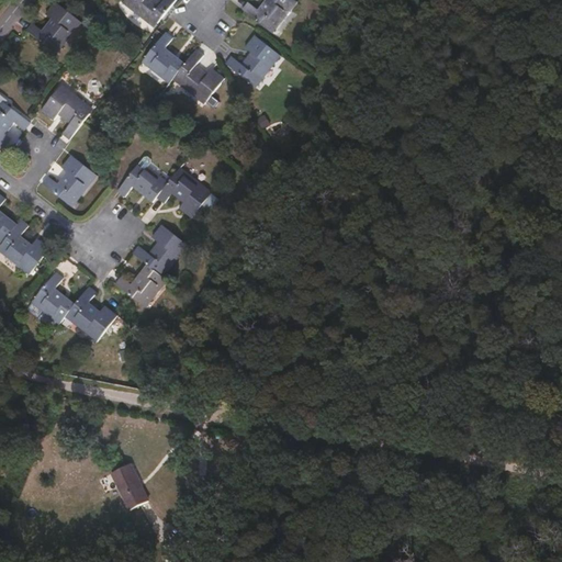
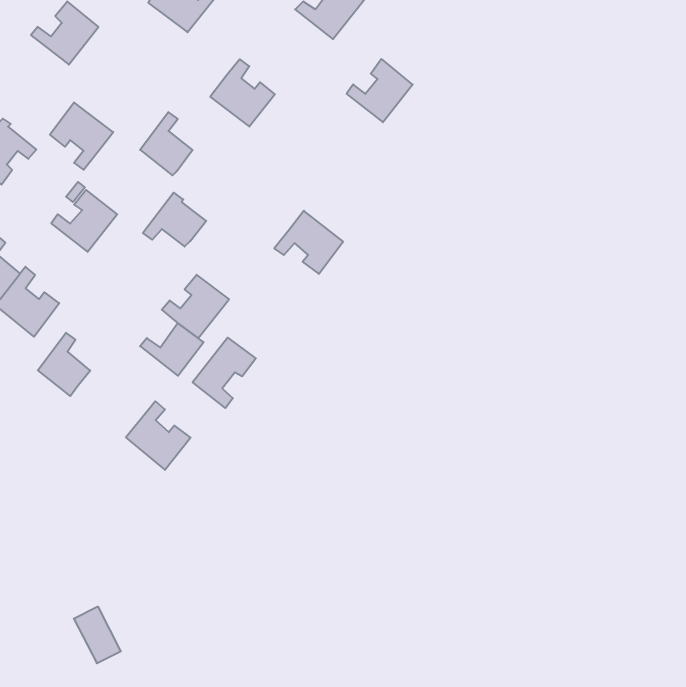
building: [142,31,184,82] -> [140,112,193,175]
building: [225,34,279,86] -> [347,59,413,122]
building: [155,166,211,217] -> [274,211,343,274]
building: none -> [193,338,256,408]
building: [64,284,116,340] -> [126,401,191,470]
building: [113,463,151,509] -> [74,607,121,663]

